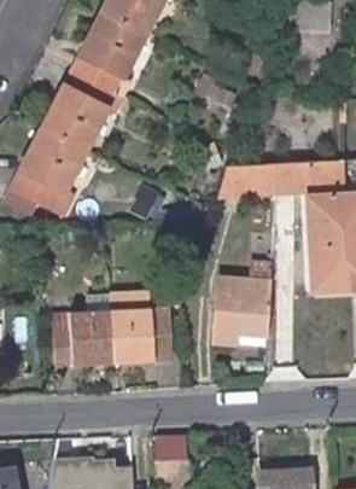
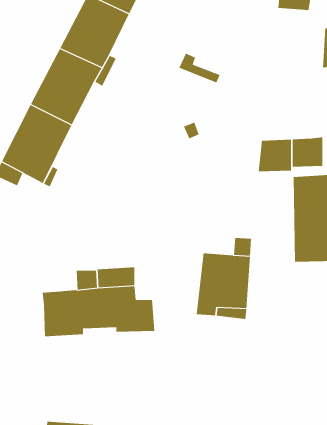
building: [215,163,281,200] -> none

